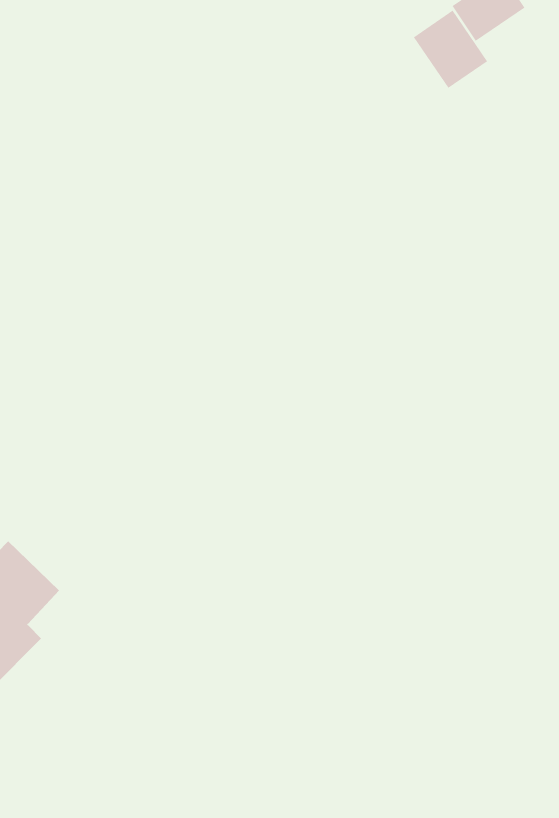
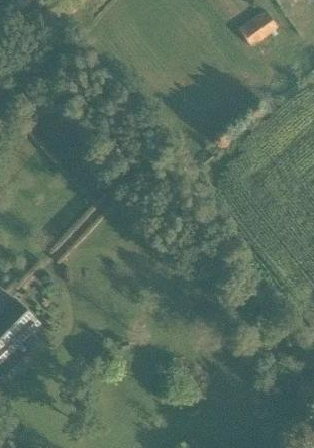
building: [413,10,488,89] -> none

